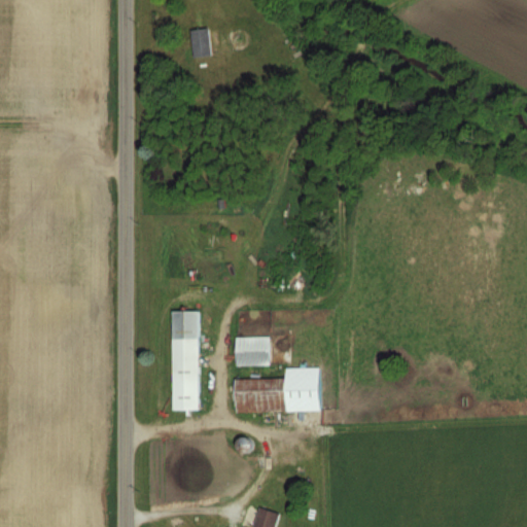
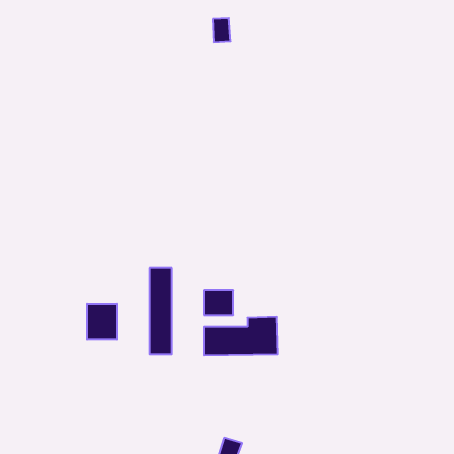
building: [190,29,211,57] -> [213,18,231,42]
building: none -> [87,304,117,340]

